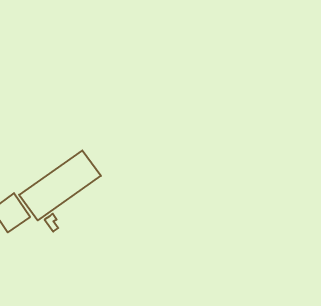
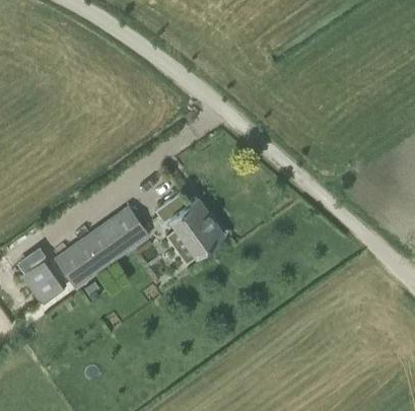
building: none -> [154,194,222,256]

